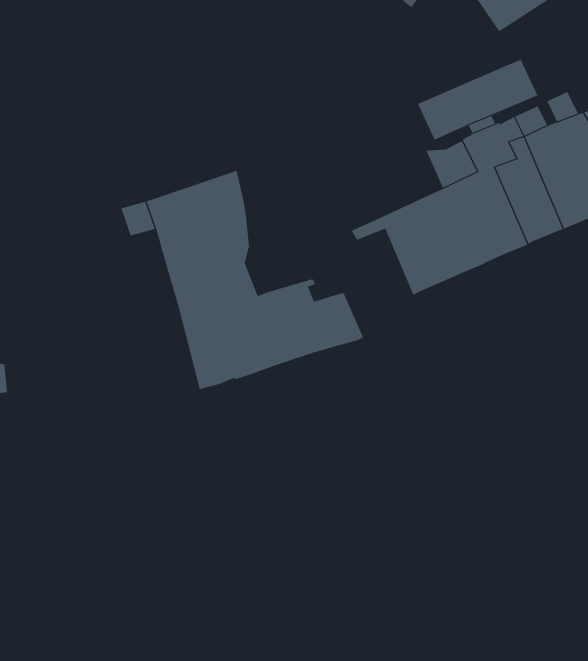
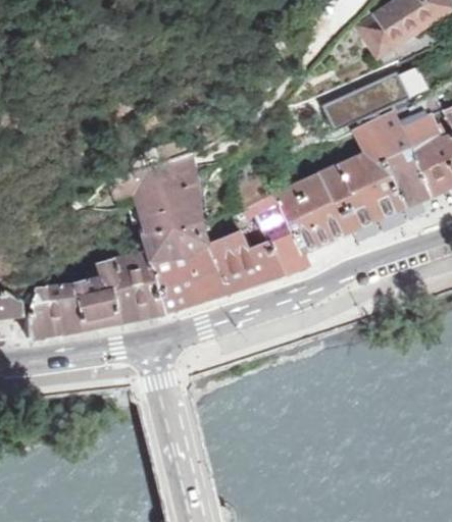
building: none -> [255,197,319,275]
building: none -> [28,254,164,338]

